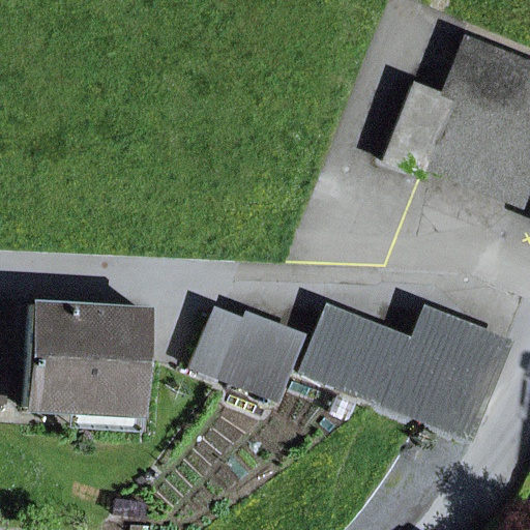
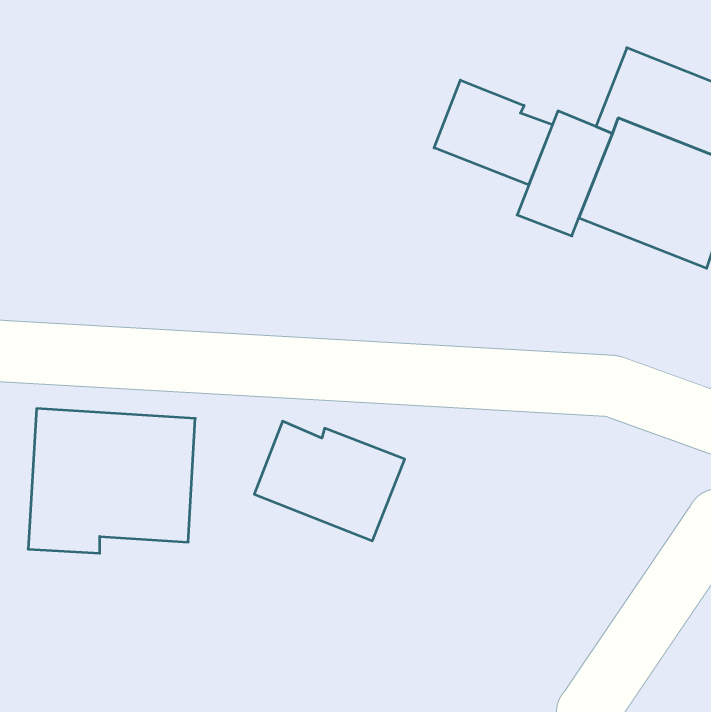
building: none -> [434,80,553,185]
building: [301,308,509,437] -> none

